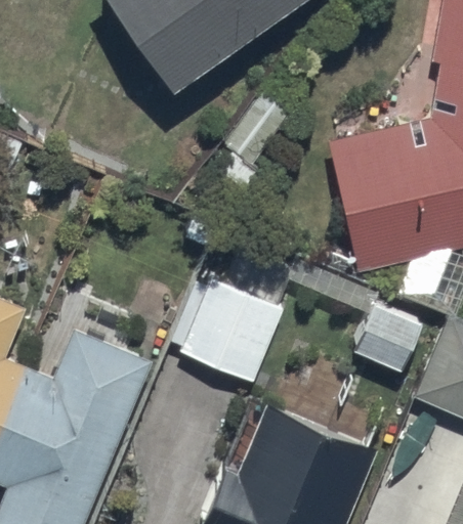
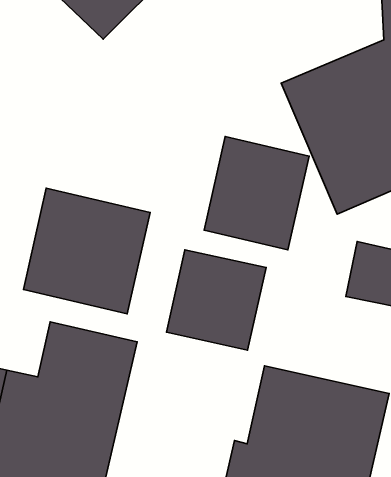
building: none -> [204,137,309,250]
building: none -> [23,188,150,314]

